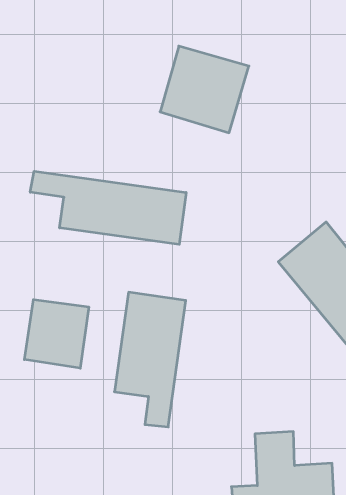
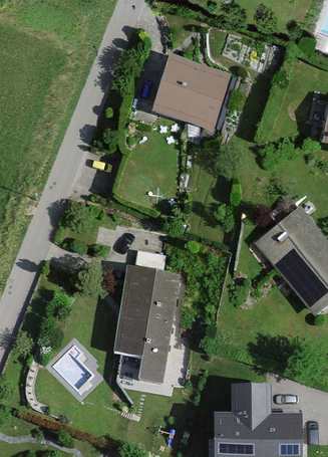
building: [30,171,186,244] -> none
building: [24,300,89,368] -> none

